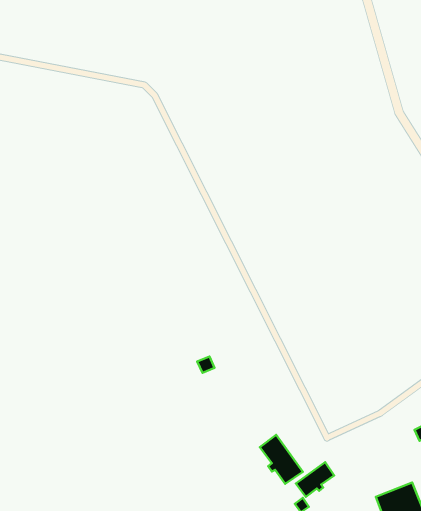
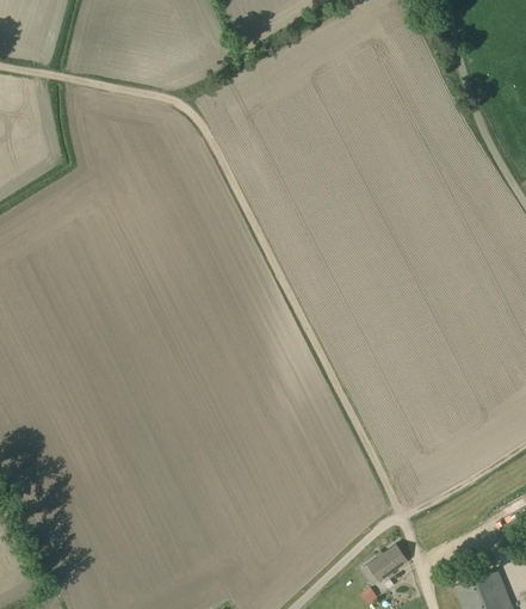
building: [260,435,303,484] -> none

